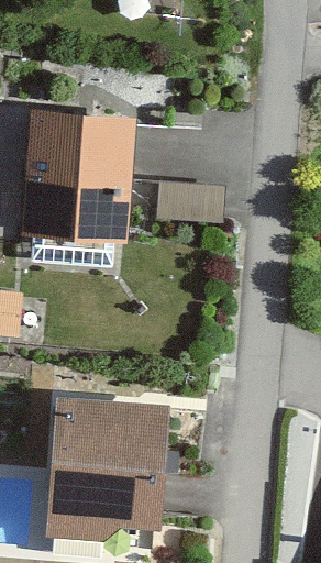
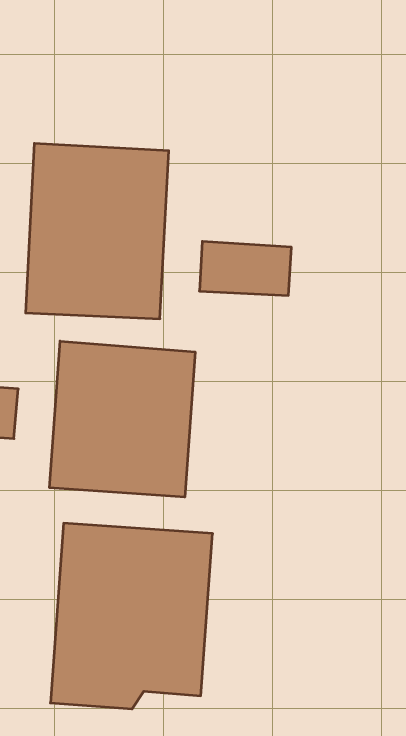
building: none -> [50,341,195,497]

